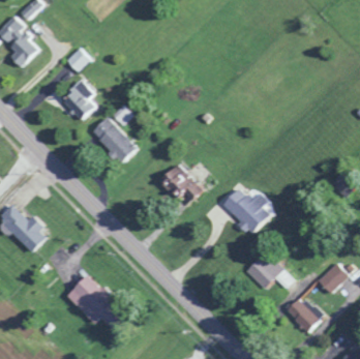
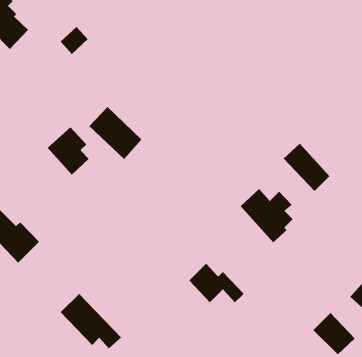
building: [61,80,98,122] -> [47,126,90,175]
building: none -> [283,143,330,192]
building: [158,163,203,200] -> none
building: [246,253,295,289] -> [188,263,244,303]

